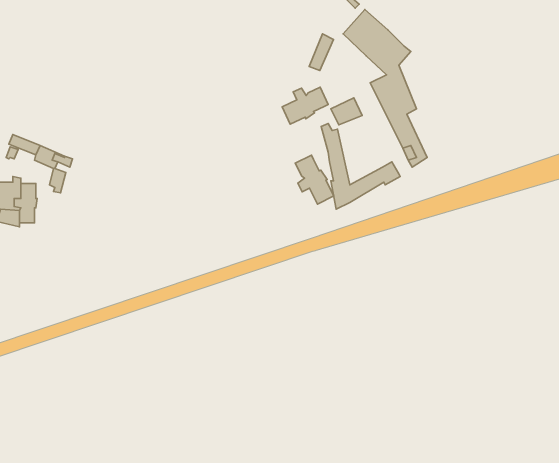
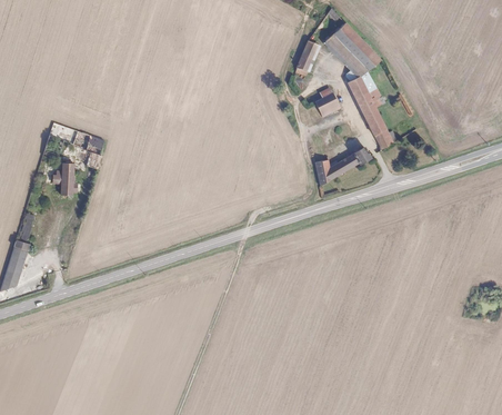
building: [282,87,328,124] -> none
building: [295,155,334,204] -> none

